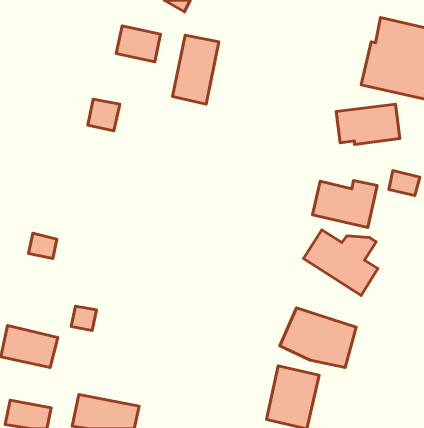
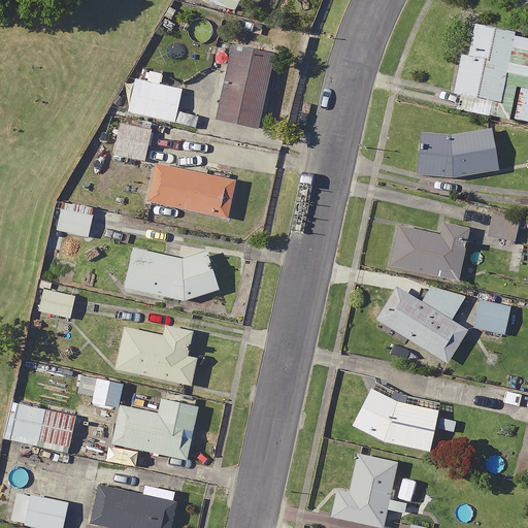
building: [116,26,161,62] -> [128,78,183,123]
building: none -> [146,164,235,219]
building: none -> [54,201,95,237]
building: none -> [125,249,219,300]
building: none -> [474,300,513,335]
building: none -> [117,327,197,386]
building: none -> [113,395,199,459]

